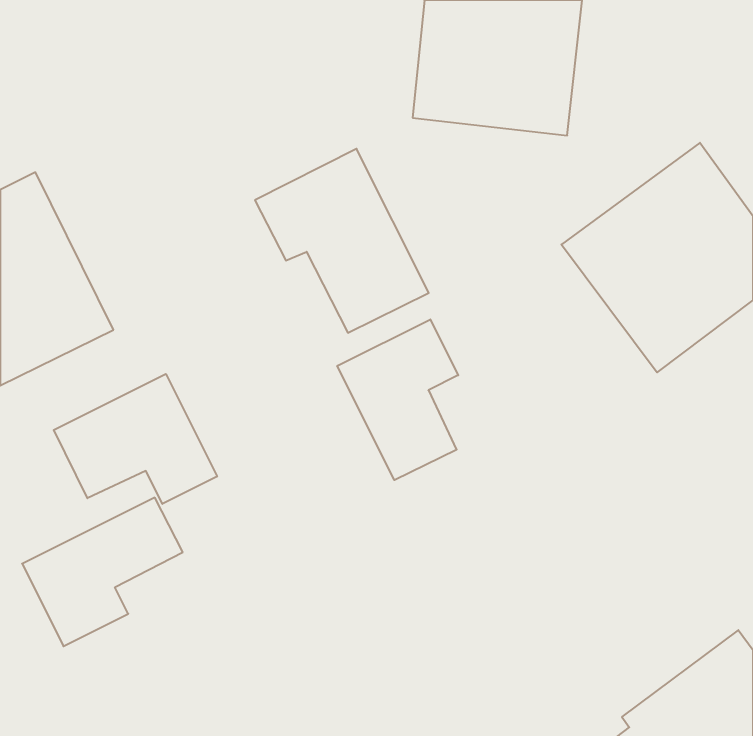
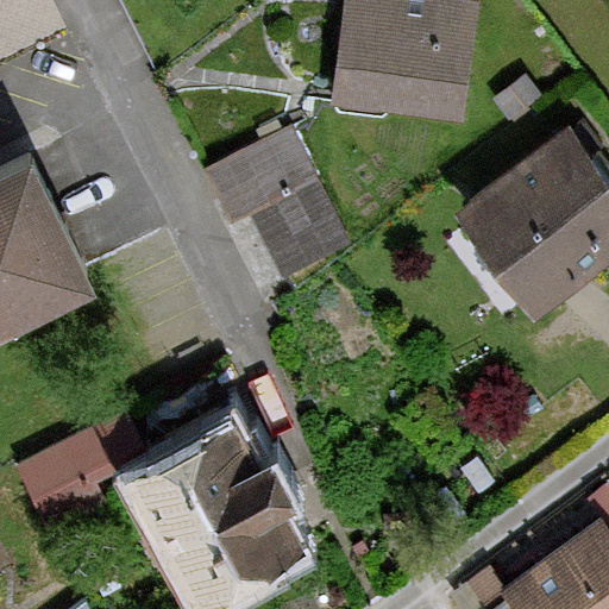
building: [337,319,458,480] -> none
building: [54,374,217,504] -> none
building: none -> [127,421,301,603]

